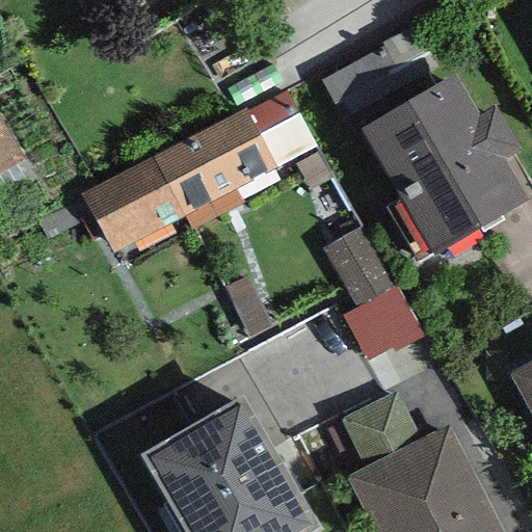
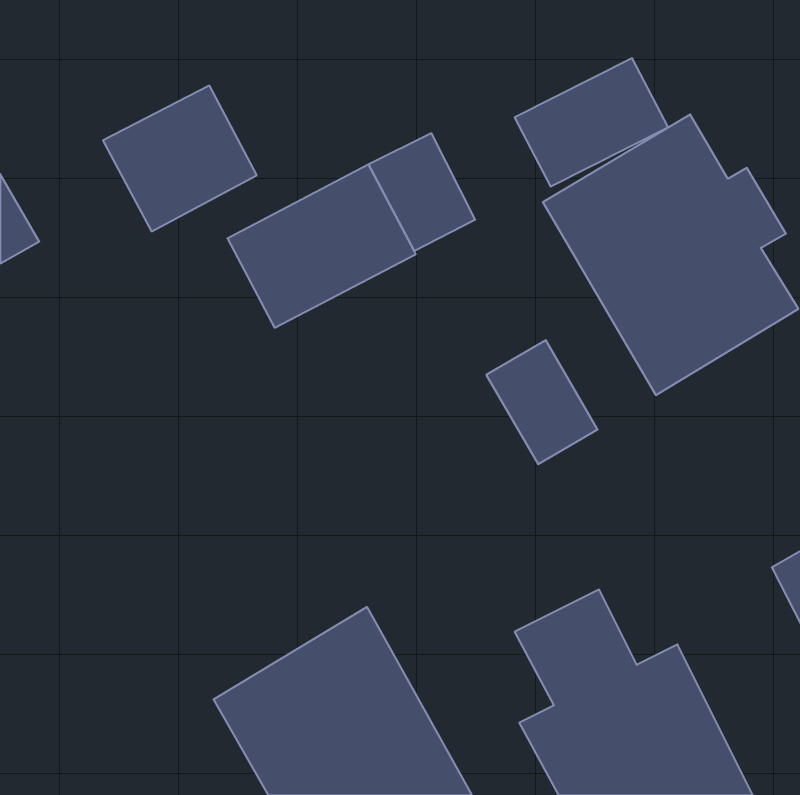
building: [81,158,183,255] -> [103,86,257,231]
building: [342,285,424,361] -> none

